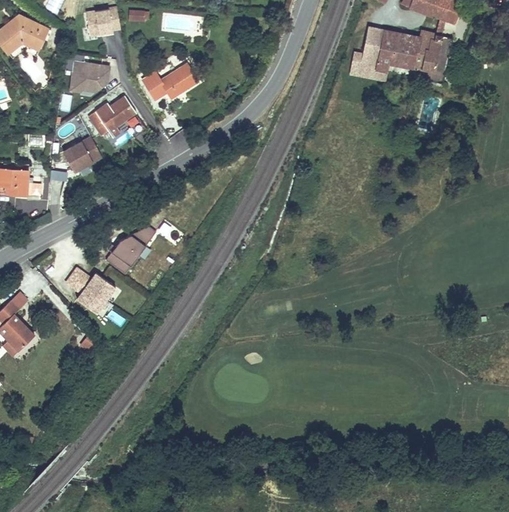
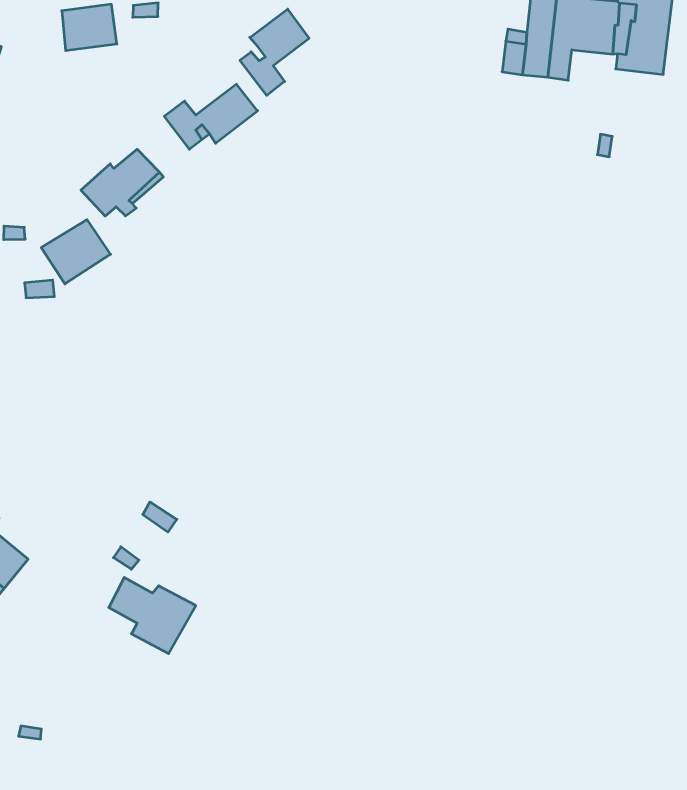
building: none -> [240,9,309,95]
building: [69,61,109,92] -> none
building: [105,227,156,274] -> none
building: [64,266,116,314] -> [109,577,196,654]

